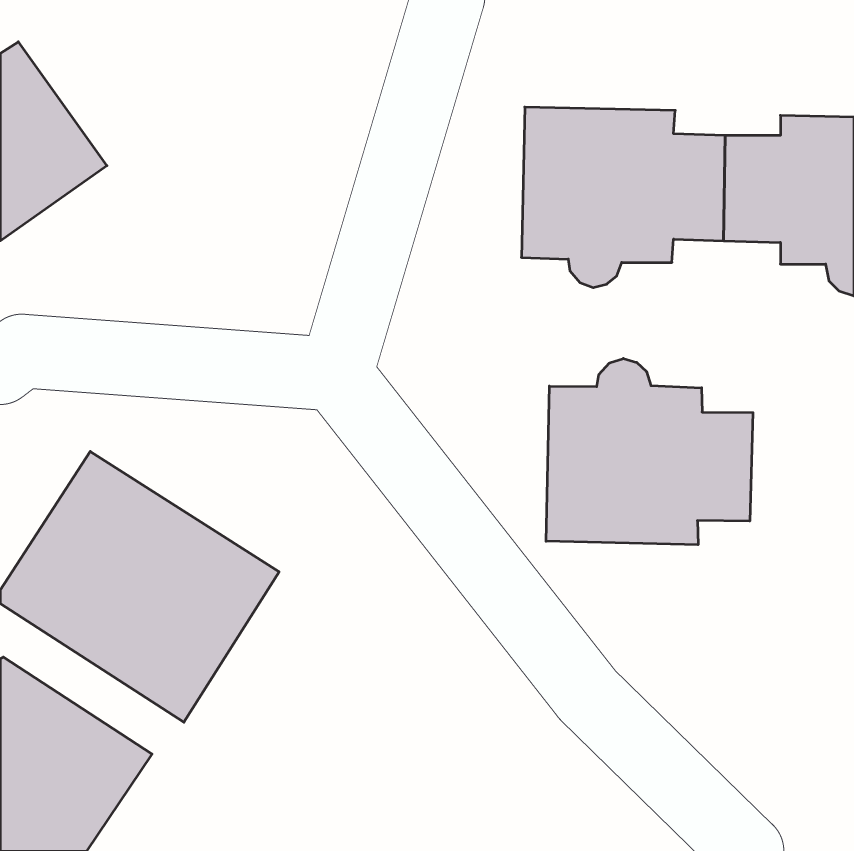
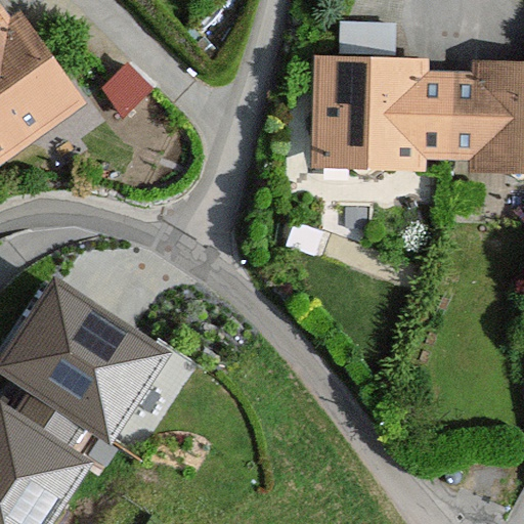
building: [546,358,753,545] -> none

